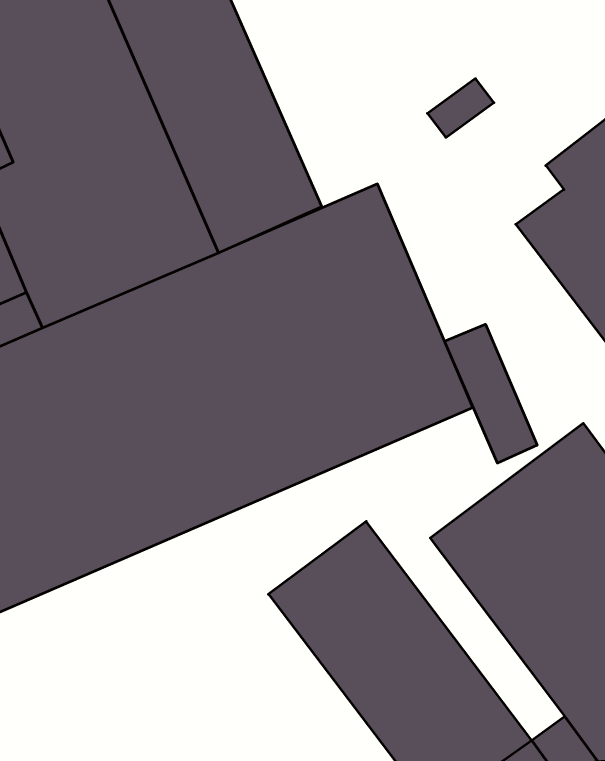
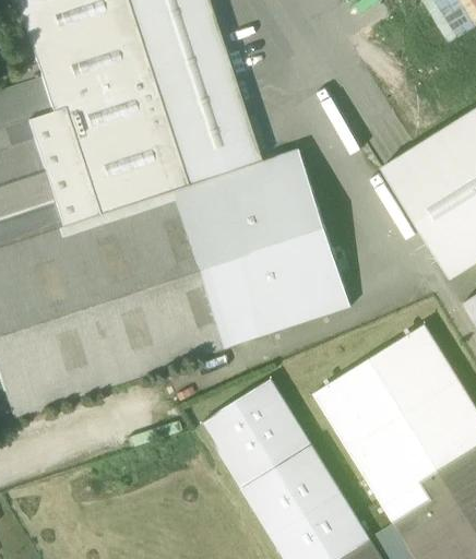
building: [427,79,494,137] -> [380,146,426,185]
building: [445,324,537,463] -> none

